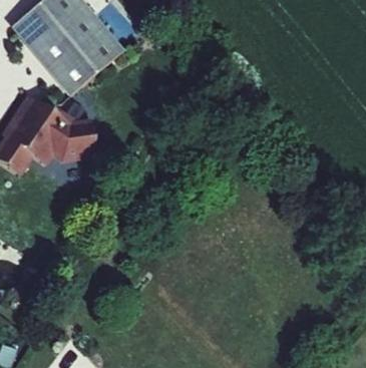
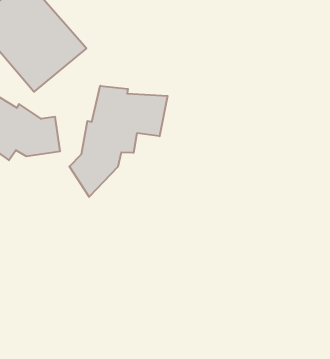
building: none -> [69,86,168,197]

